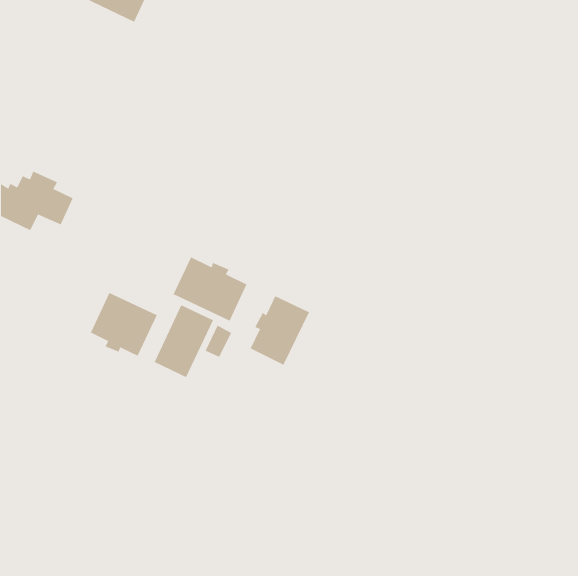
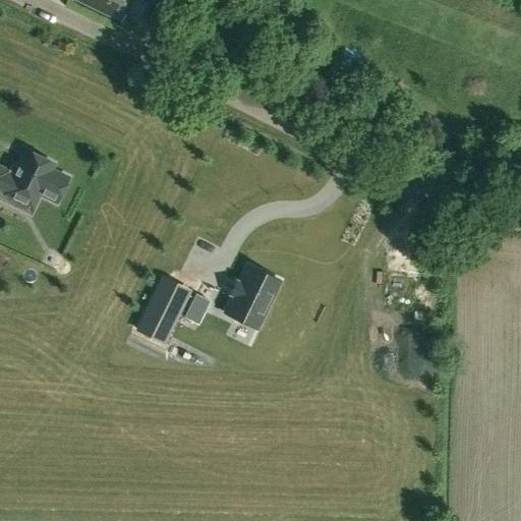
building: [173,256,247,321] -> none
building: [90,292,158,357] -> none

